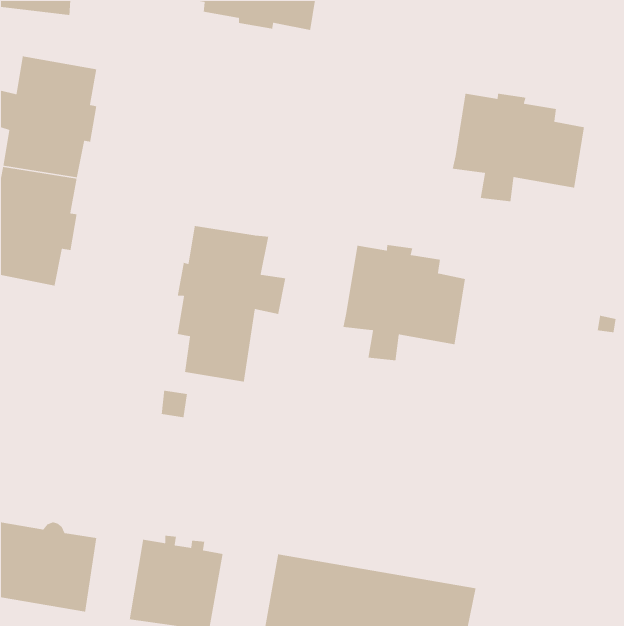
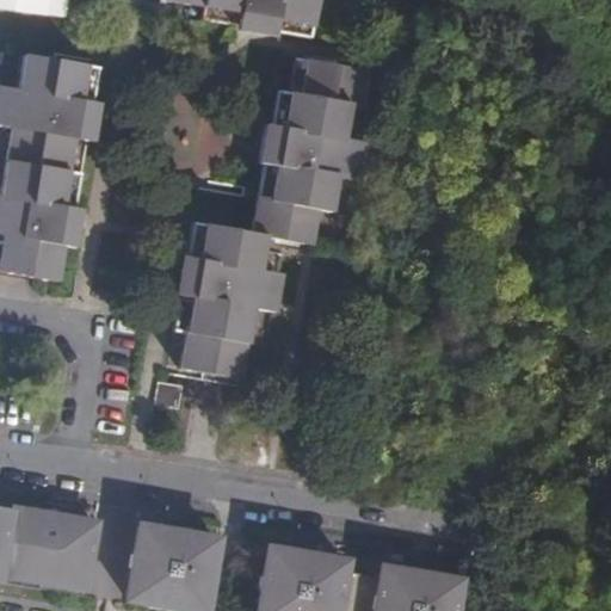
building: none -> [252,55,365,240]
building: [452,93,585,202] -> none
building: [342,244,466,361] -> none

